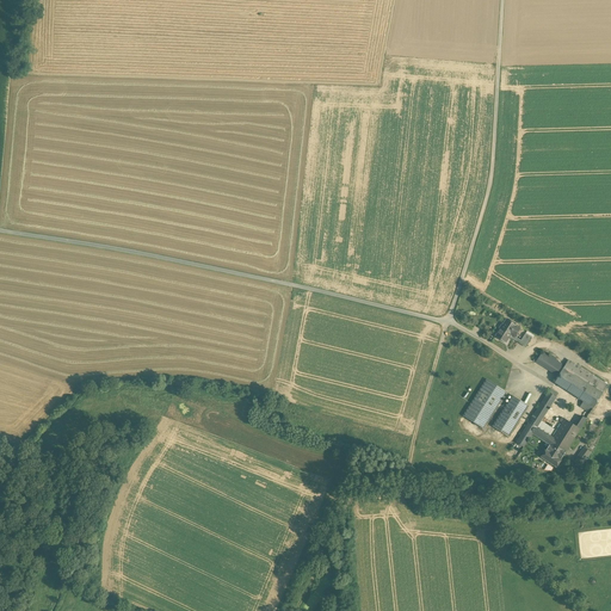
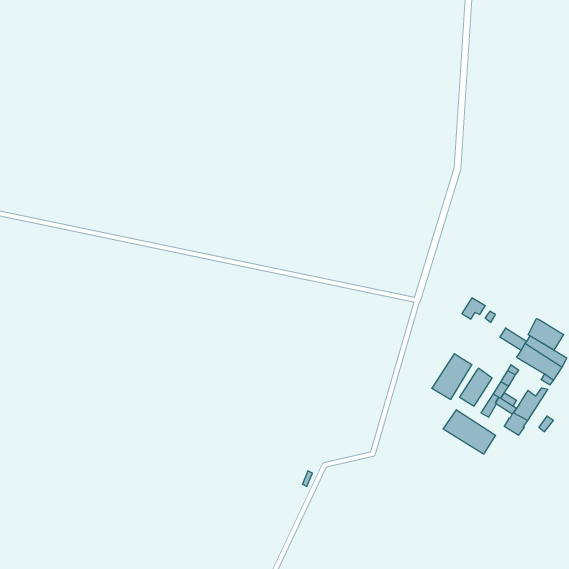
building: none -> [528,319,564,350]
building: none -> [443,410,496,454]

